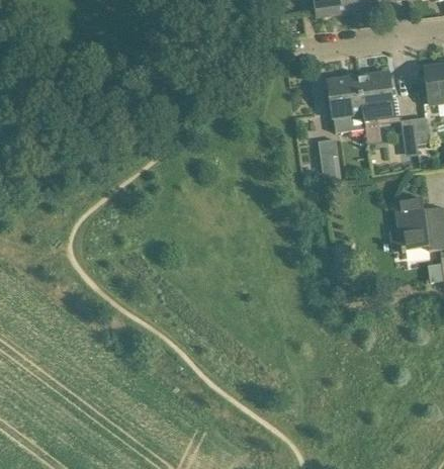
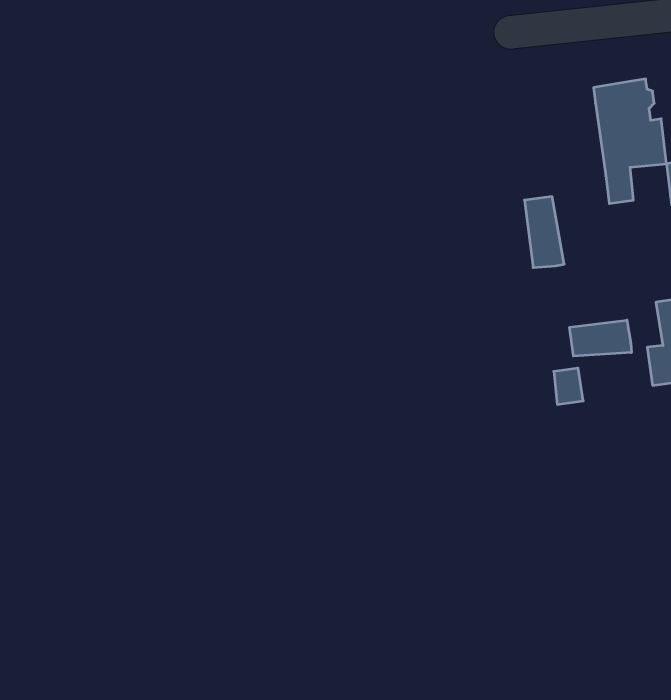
building: [329,76,366,131] -> none
building: none -> [570,320,631,356]

